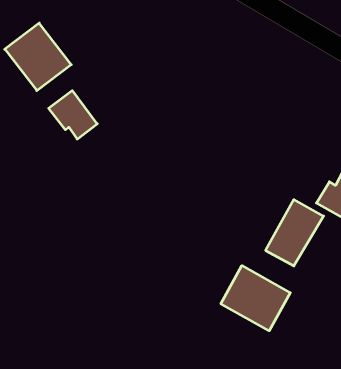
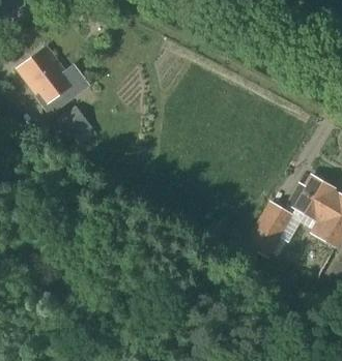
building: [221,266,290,331] -> none

